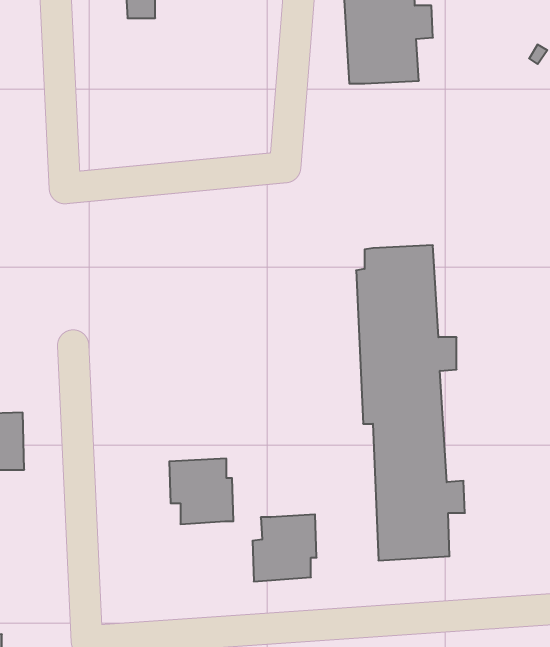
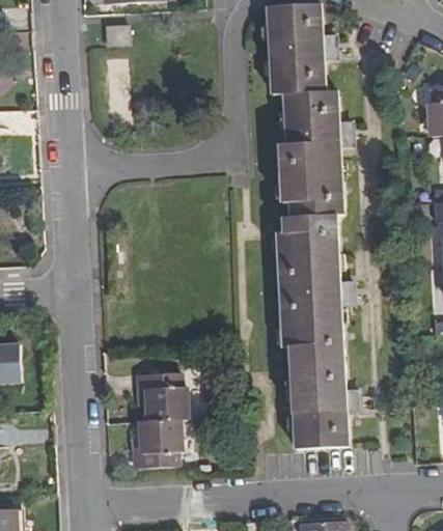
building: none -> [279,90,351,216]
building: [252,514,317,581] -> [133,419,181,469]

